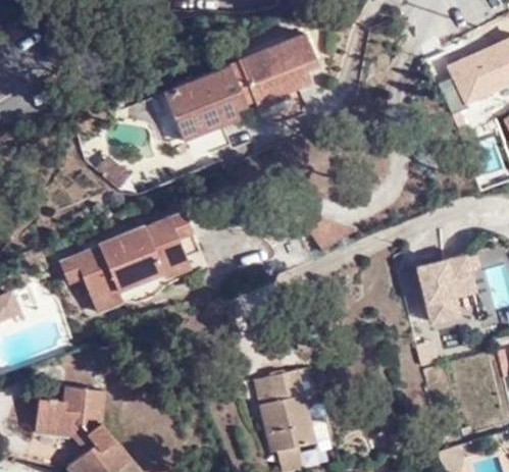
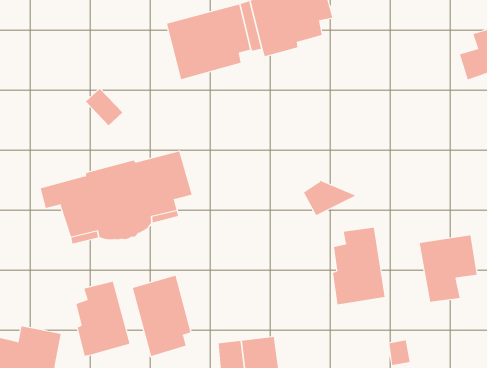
building: none -> [333,227,385,305]
building: none -> [132,275,191,357]
building: none -> [76,281,130,357]

